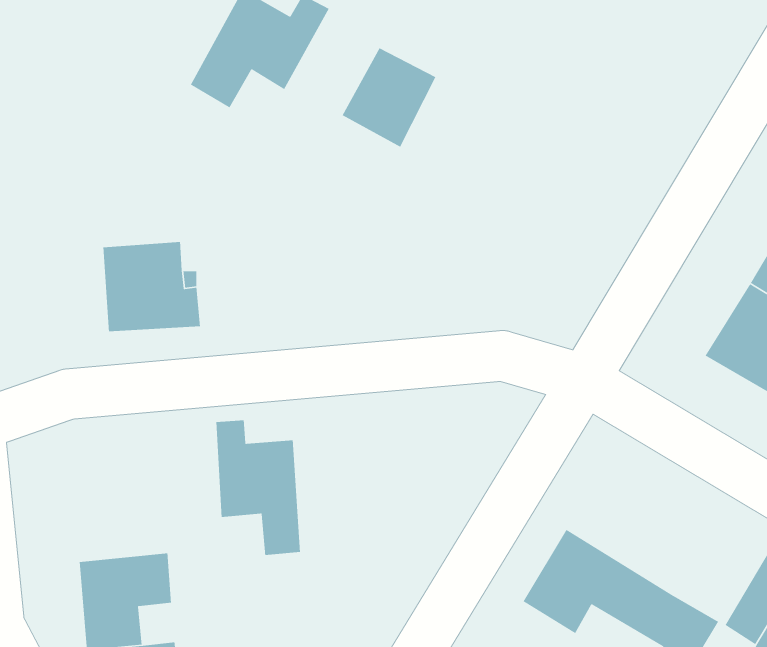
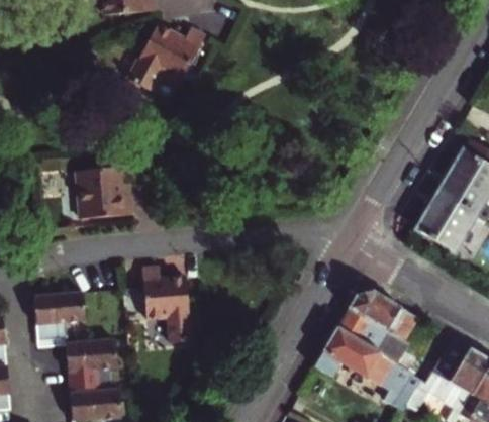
building: [342,47,437,148] -> none
building: none -> [337,290,415,362]
building: none -> [33,292,85,339]

